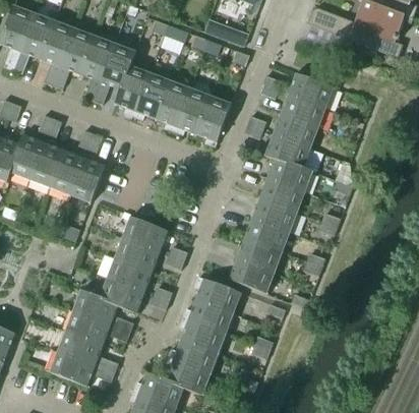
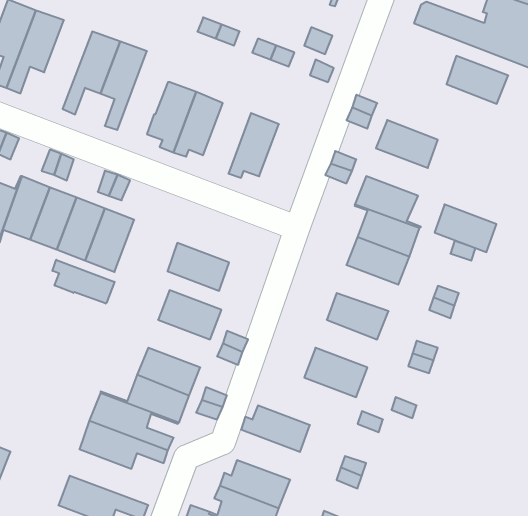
building: [40,20,74,84] -> none
building: [93,43,135,104] -> none
building: [288,72,333,107] -> [446,56,508,104]
building: [155,80,189,131] -> none
building: [195,96,231,146] -> none
building: [273,113,317,148] -> [435,204,496,252]
building: none -> [52,260,115,304]
building: [251,197,296,231] -> none
building: [115,237,160,272] -> [167,243,229,291]
building: [236,237,281,272] -> none
building: [193,276,240,313] -> none
building: [178,316,225,353] -> none
building: [58,331,118,371] -> none

